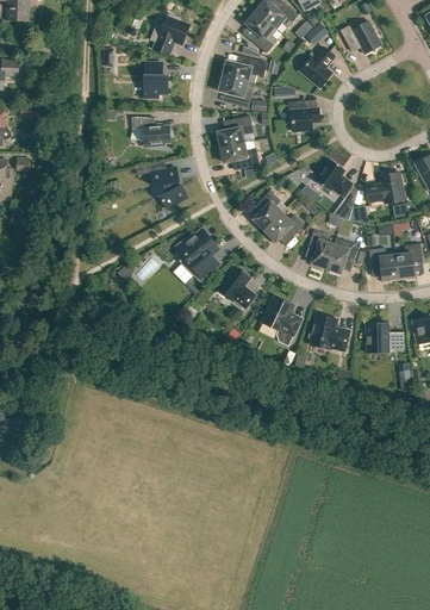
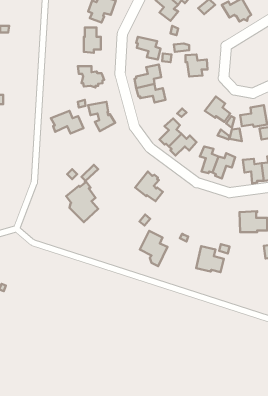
building: [300,46,335,87] -> none
building: [220,56,267,81] -> none
building: none -> [51,111,84,134]
building: [176,225,222,284] -> [66,181,98,222]
building: [262,295,301,346] -> [140,231,168,266]
building: [310,313,349,350] -> [196,246,224,272]

